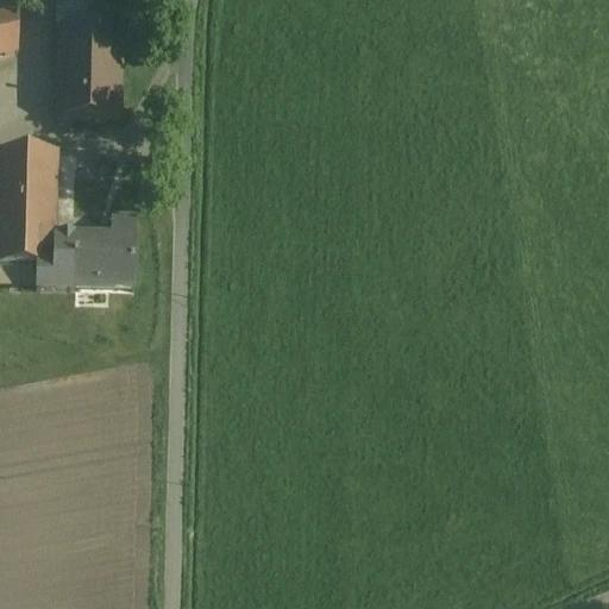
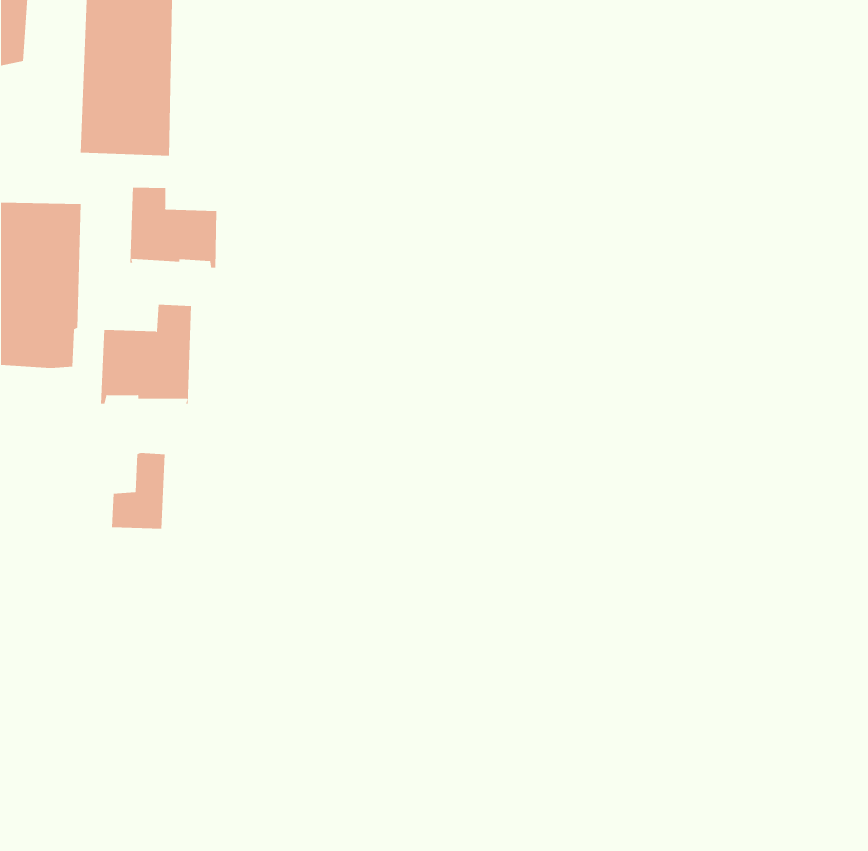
building: none -> [130,187,217,269]
building: [34,230,73,283] -> [111,453,165,529]

